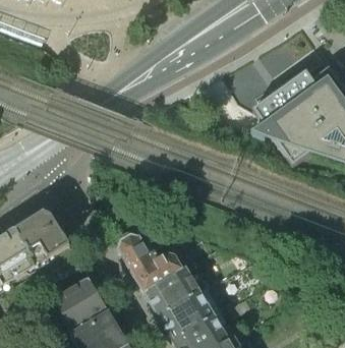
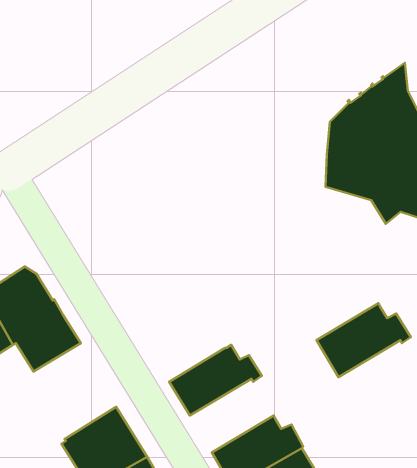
building: [114,222,181,287] -> none
building: [52,274,106,327] -> none
building: [157,285,222,336] -> [316,303,411,377]

